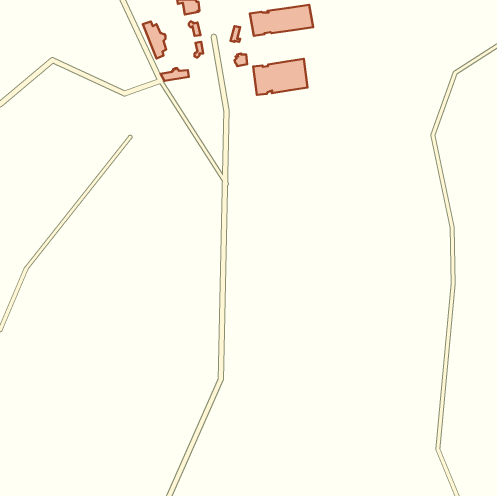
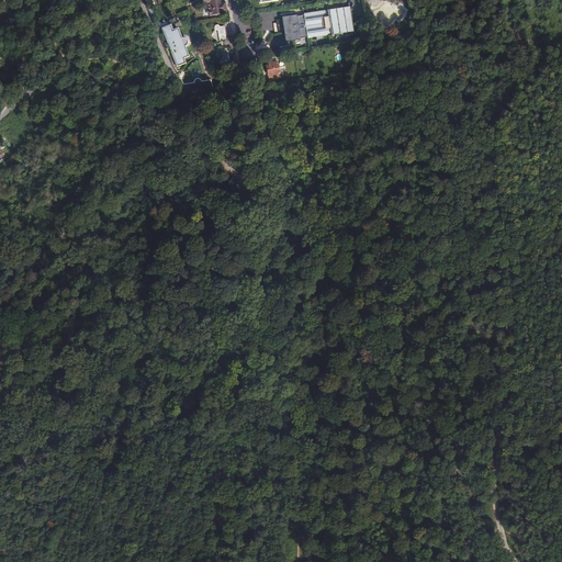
building: [253,59,307,95] -> none

